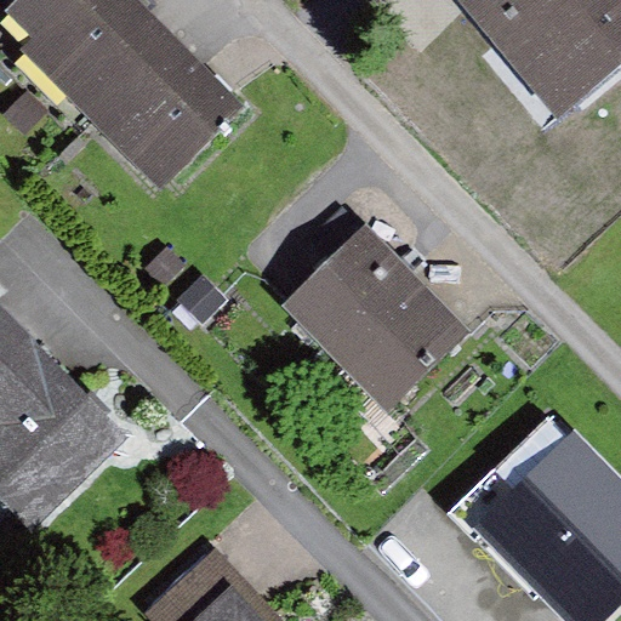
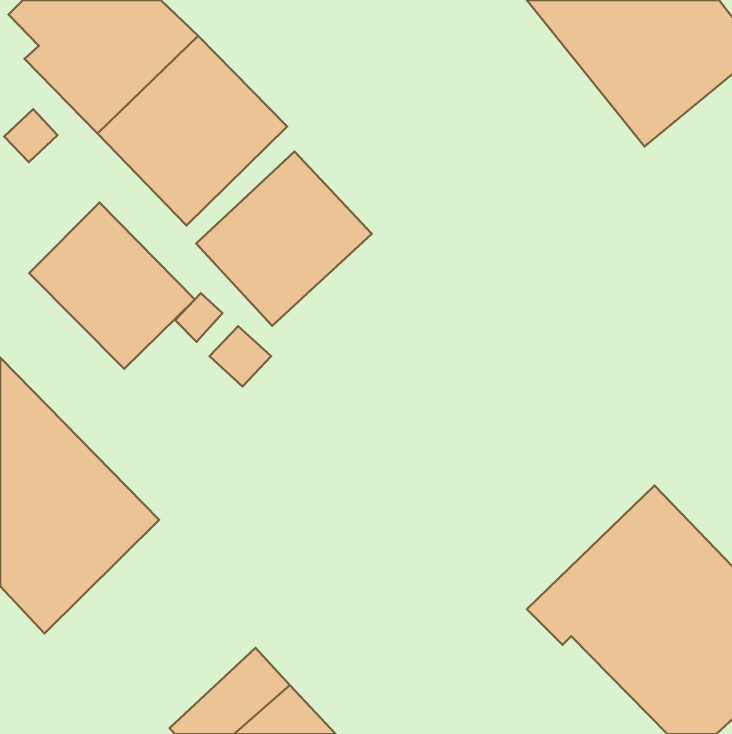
building: none -> [196,151,372,326]
building: none -> [29,203,195,369]
building: [273,226,460,414] -> none

